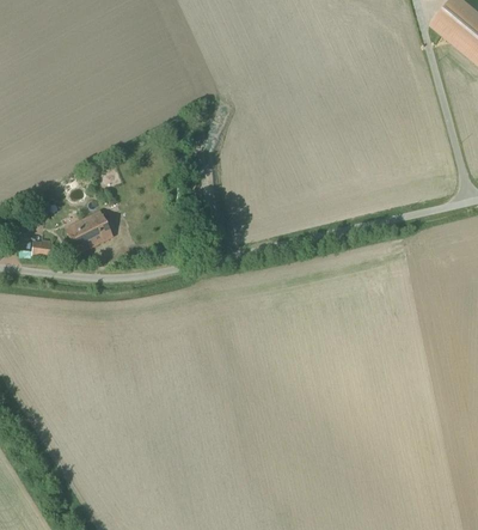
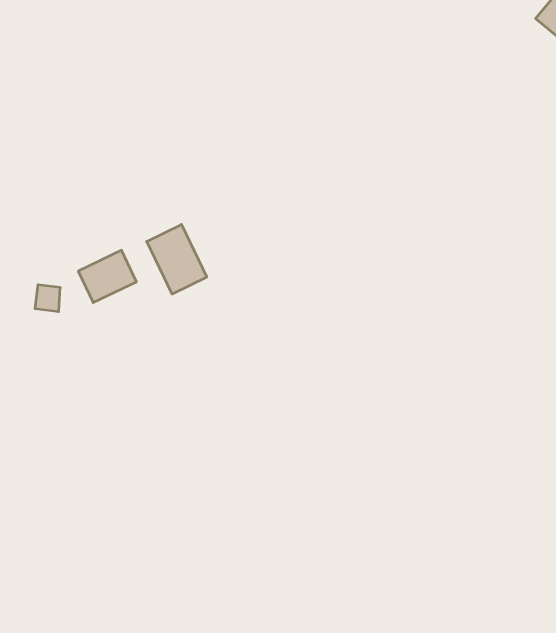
building: none -> [147,224,207,294]

